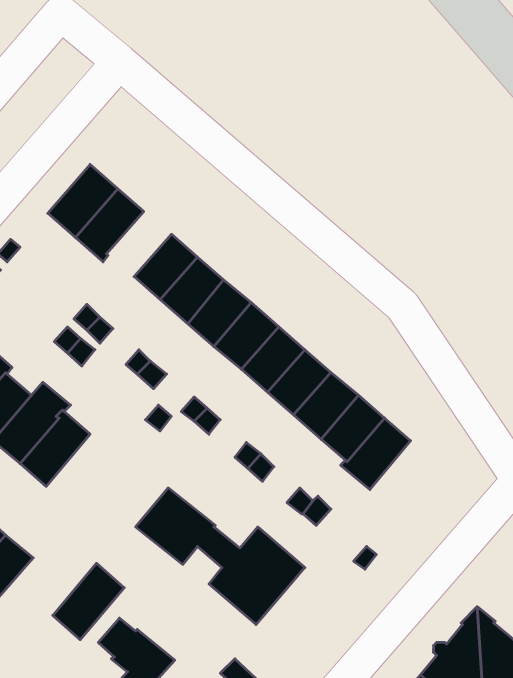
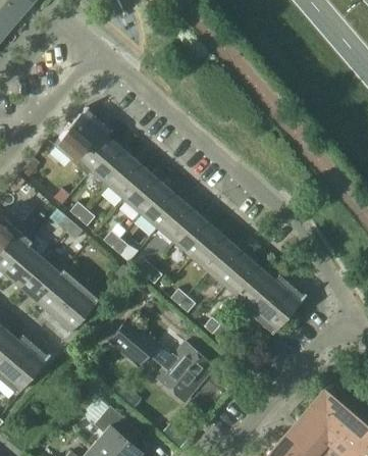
building: none -> [92,144,133,185]
building: none -> [257,288,300,333]
building: [53,563,124,640] -> [54,284,99,332]

